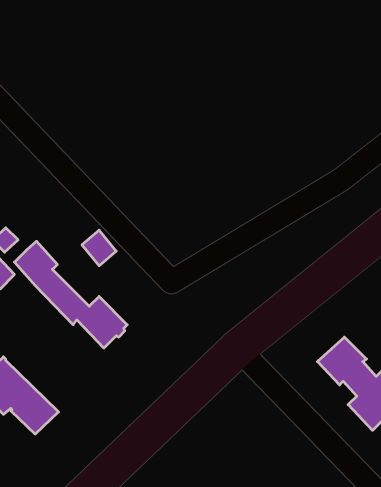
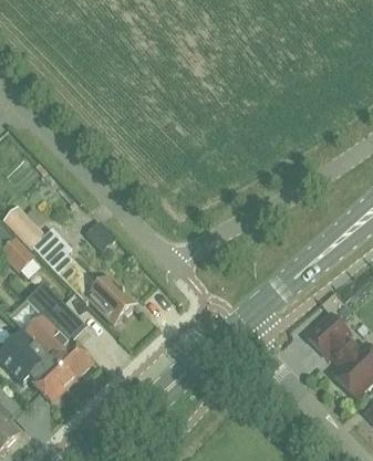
building: none -> [23,282,91,380]

